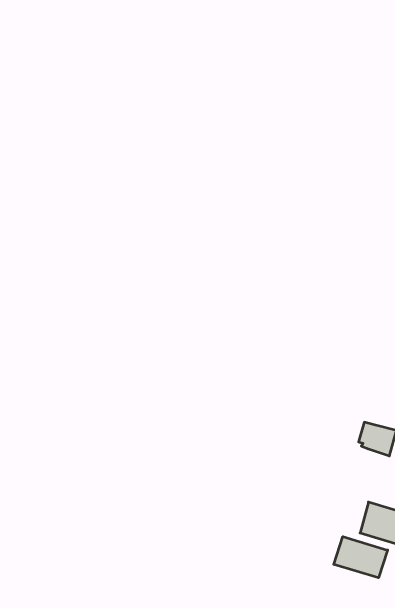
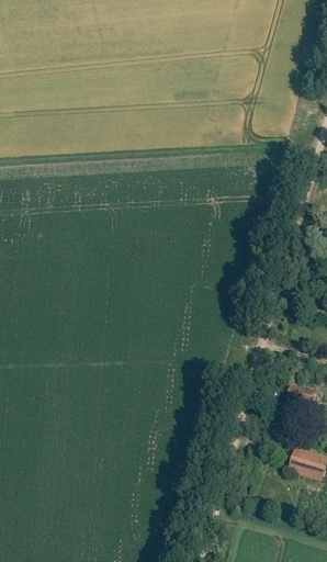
building: [334,537,388,578] -> none

